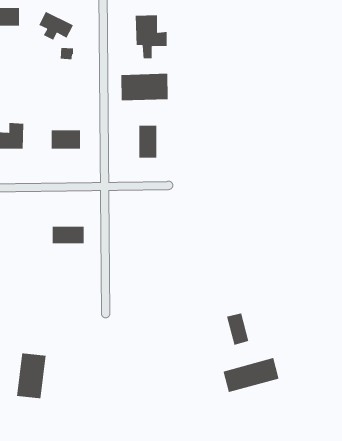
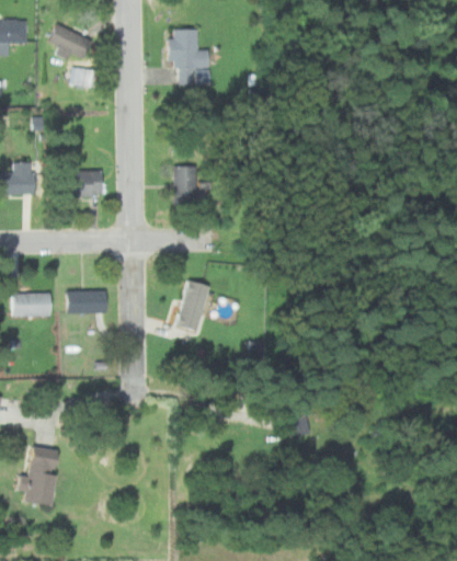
building: [121,73,168,101] -> none
building: none -> [175,280,209,330]
building: none -> [12,293,52,316]
building: [223,357,279,393] -> none

